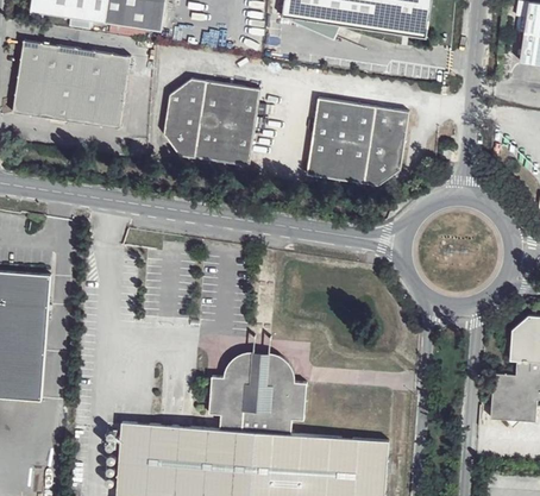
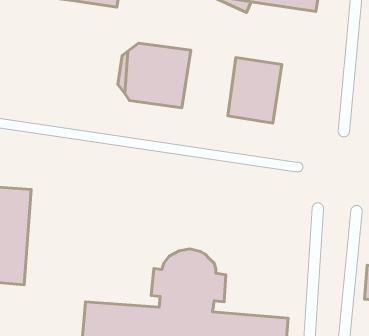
building: [13,40,131,128] -> none
building: [368,107,409,184] -> none

